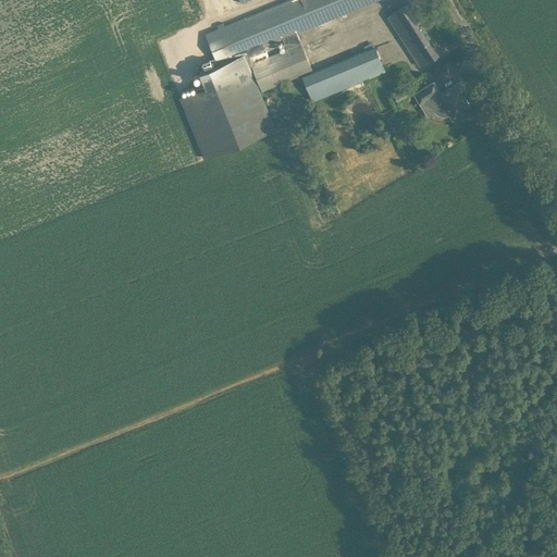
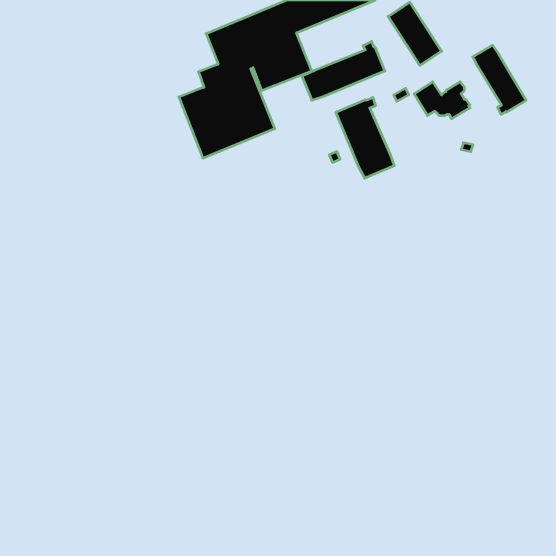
building: none -> [473,45,526,114]
building: none -> [336,97,394,178]

